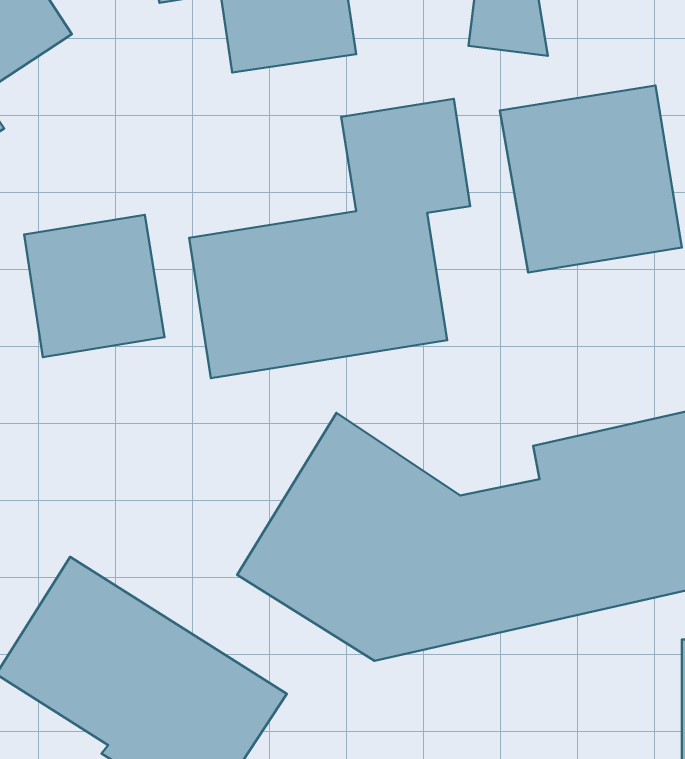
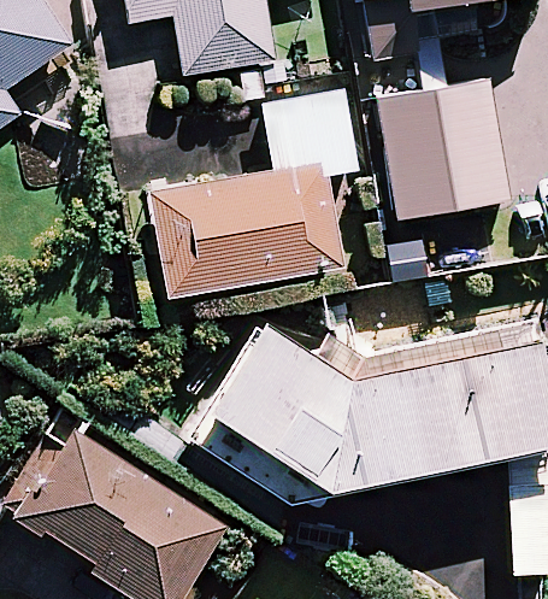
building: [24,215,164,357] -> none

